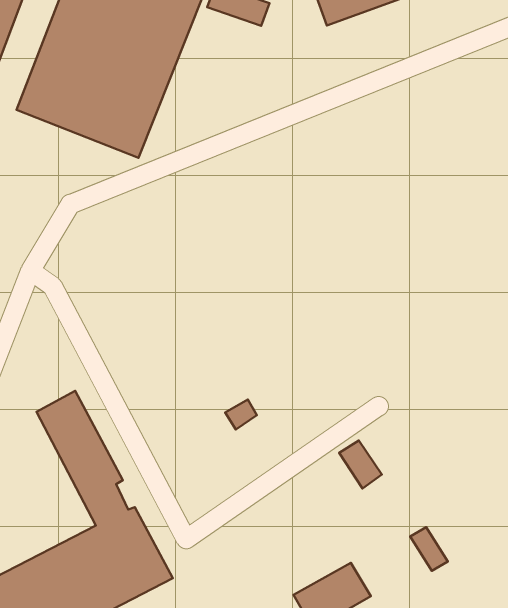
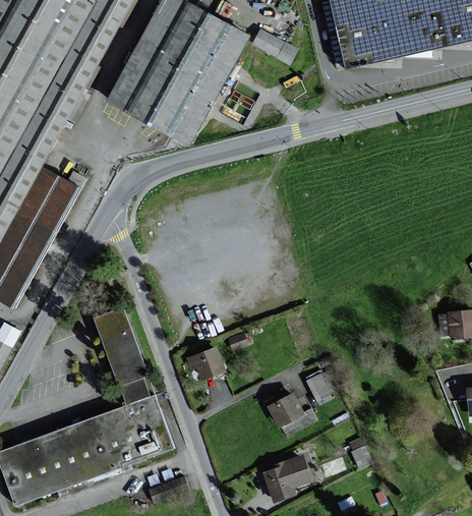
building: none -> [186,347,226,381]
building: none -> [267,392,303,425]

